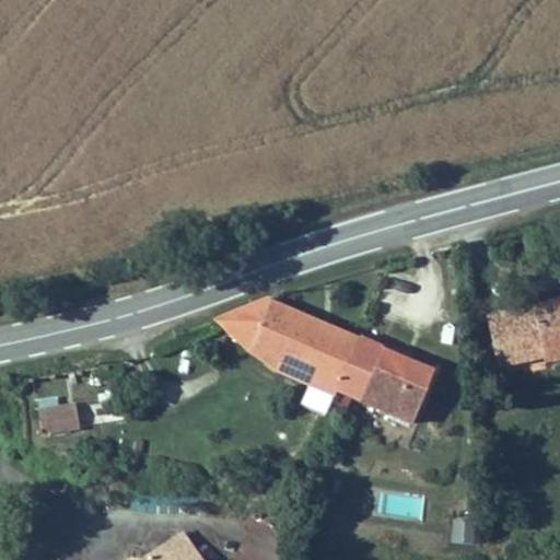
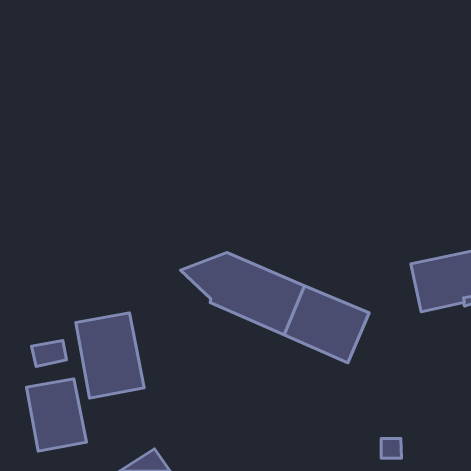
building: none -> [76,313,144,398]
building: none -> [27,379,86,451]

